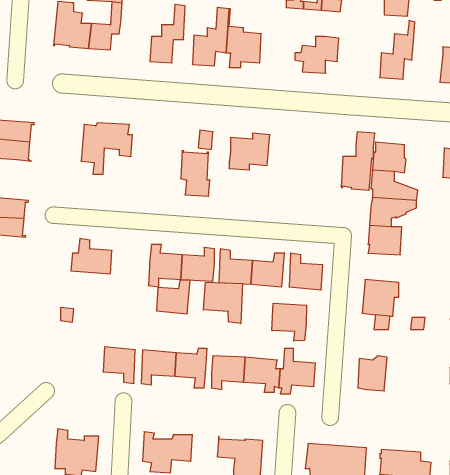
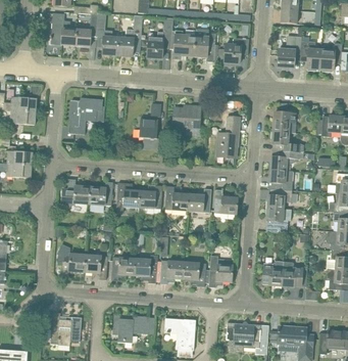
building: none -> [96,27,118,54]
building: none -> [194,32,215,61]
building: none -> [300,40,321,69]
building: [341,132,375,190] -> [216,116,240,156]
building: none -> [267,188,292,209]
building: [156,280,190,314] -> [90,181,113,205]
building: [203,282,243,324] -> none
building: [272,303,307,341] -> none
building: none -> [57,247,86,276]
building: none -> [281,261,307,285]

